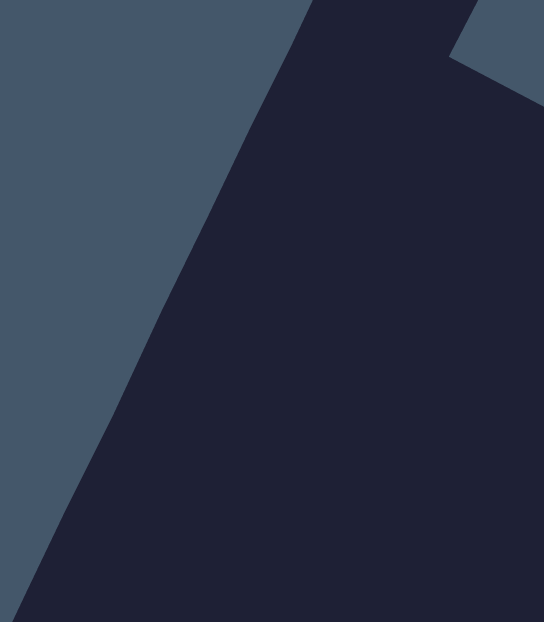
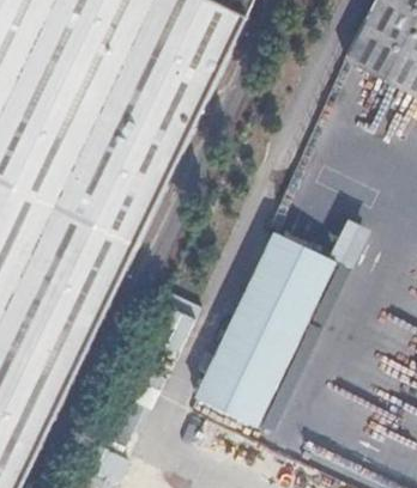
building: none -> [192,231,333,425]

